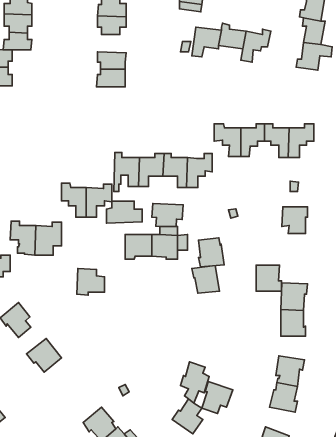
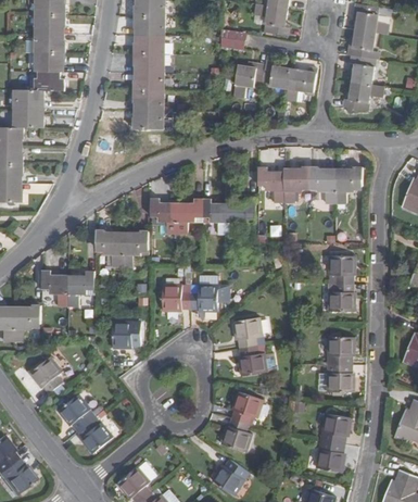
building: none -> [132,73,163,92]
building: [106,201,142,223] -> none
building: [152,204,183,226] -> none
building: [198,238,224,267] -> [239,344,266,375]
building: [256,265,282,291] -> [328,284,355,311]
building: none -> [76,415,113,454]
building: [202,381,233,413] -> [230,391,263,425]

